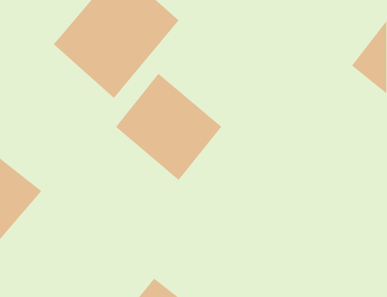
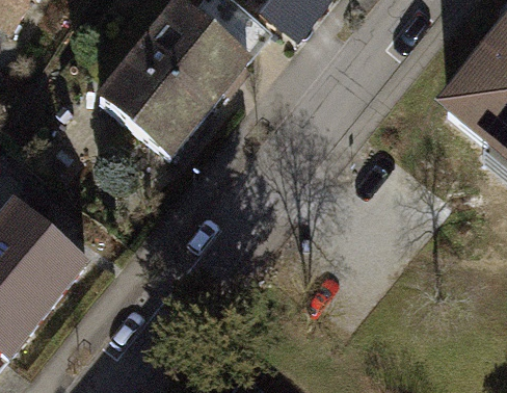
building: [115,73,222,181] -> none

